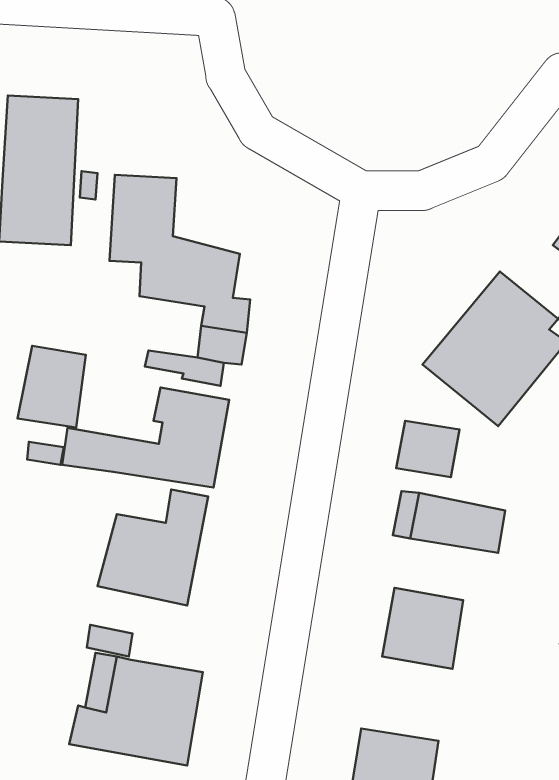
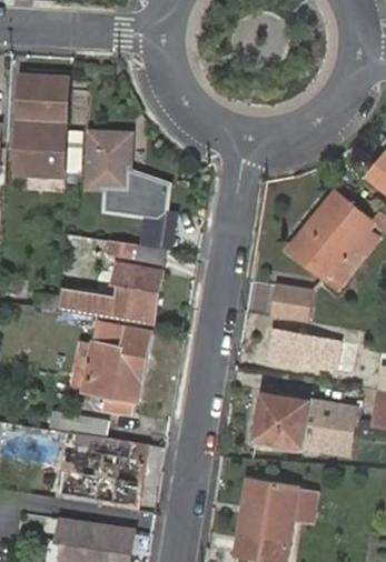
building: [17,346,86,427] -> none
building: none -> [307,399,359,456]

